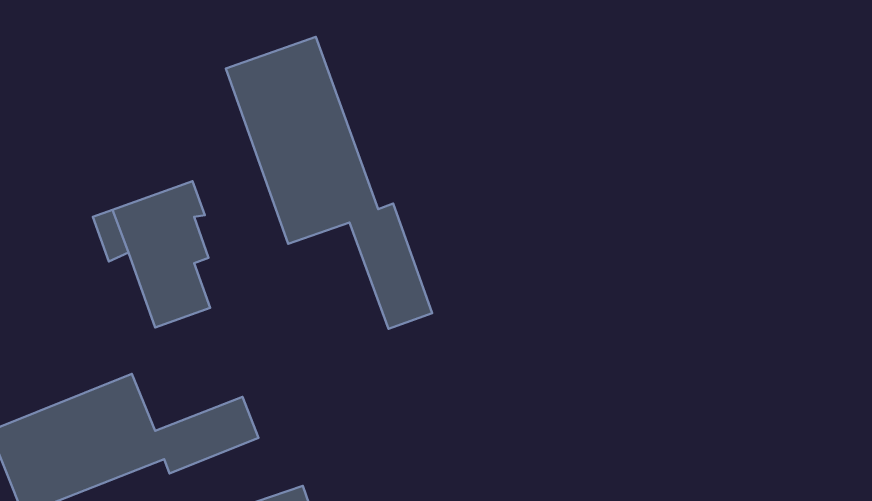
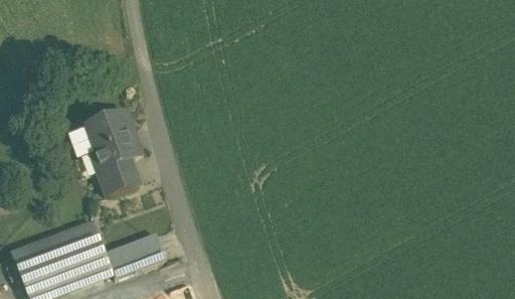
building: [226,37,432,329] -> none

